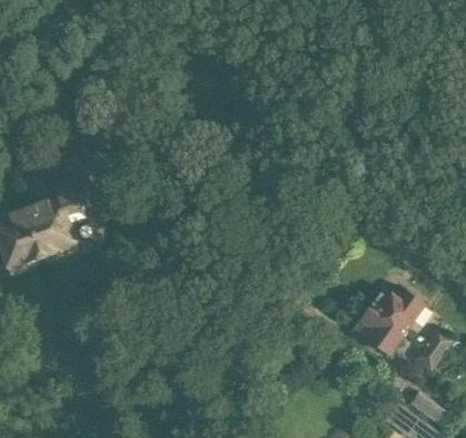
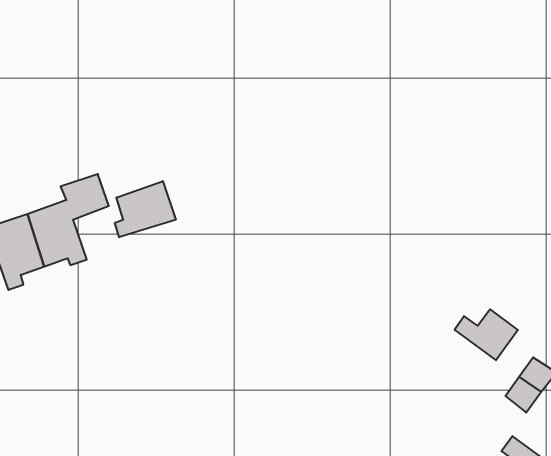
building: none -> [115,181,176,237]
building: [353,305,404,354] -> none

